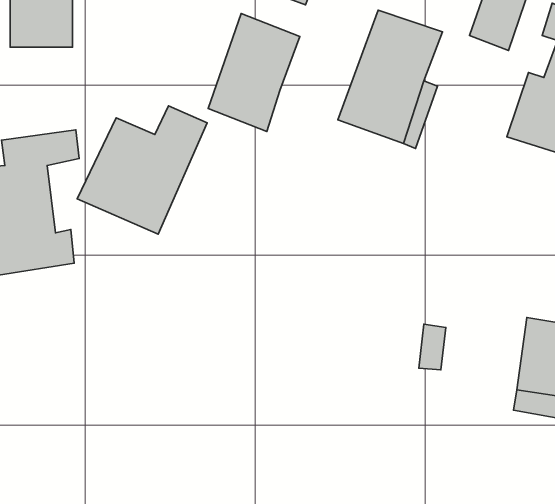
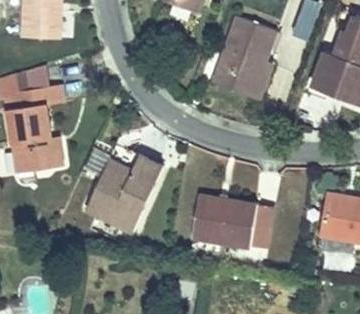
building: [208,14,300,131] -> none
building: [77,106,207,234] -> [81,151,158,227]
building: none -> [191,195,255,245]

